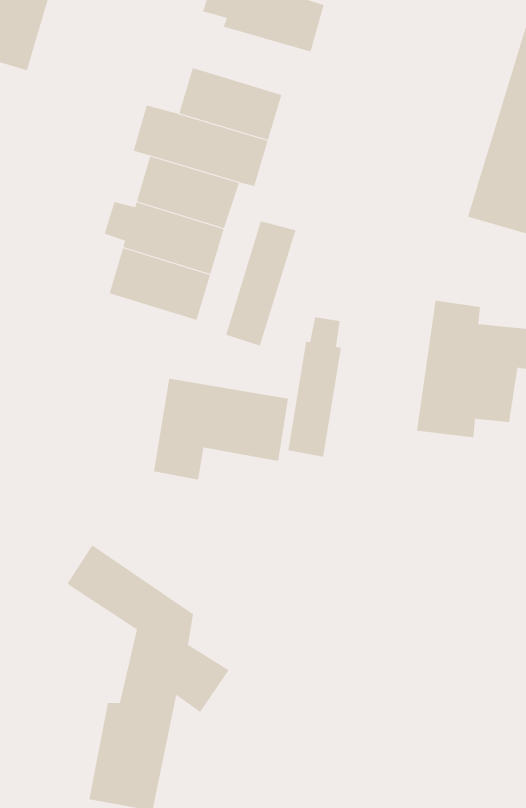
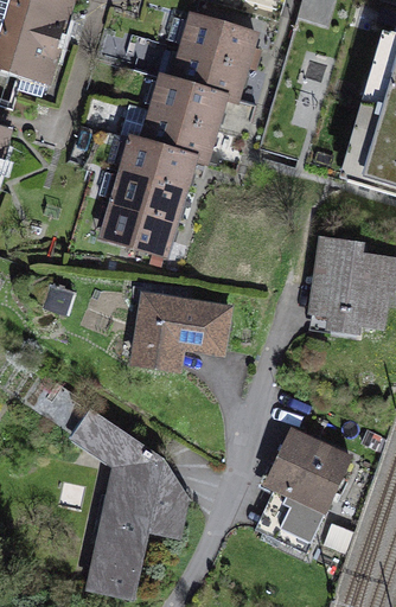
building: none -> [158,49,244,98]
building: [225,221,296,346] -> none
building: [288,317,342,457] -> none
building: none -> [268,432,350,551]

